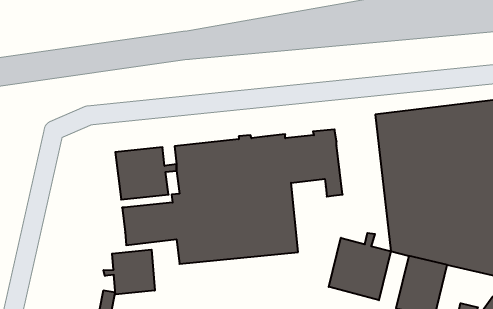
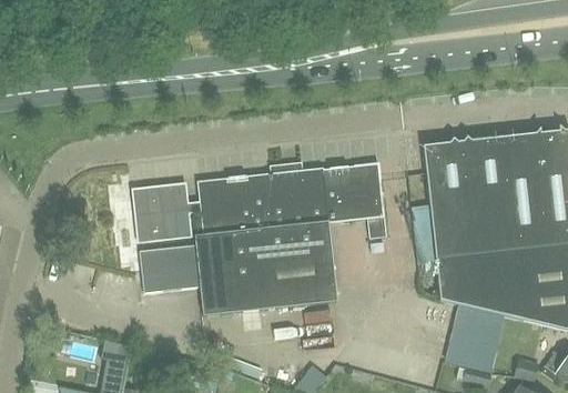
building: [329,233,391,300] -> none
building: [104,250,155,295] -> none

